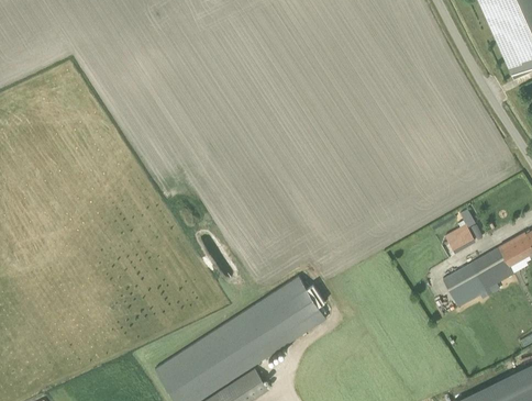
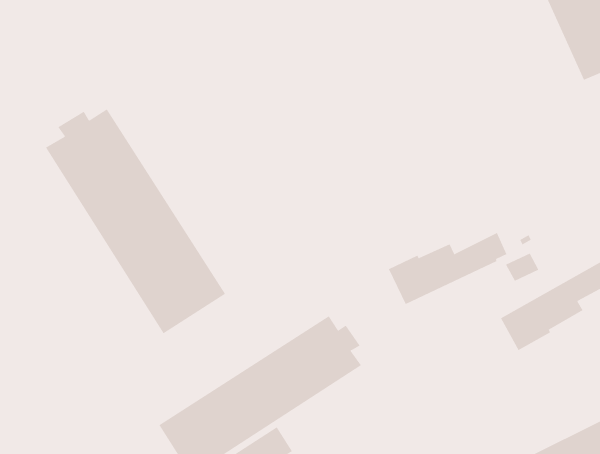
building: none -> [45,108,226,334]
building: none -> [388,232,507,305]

